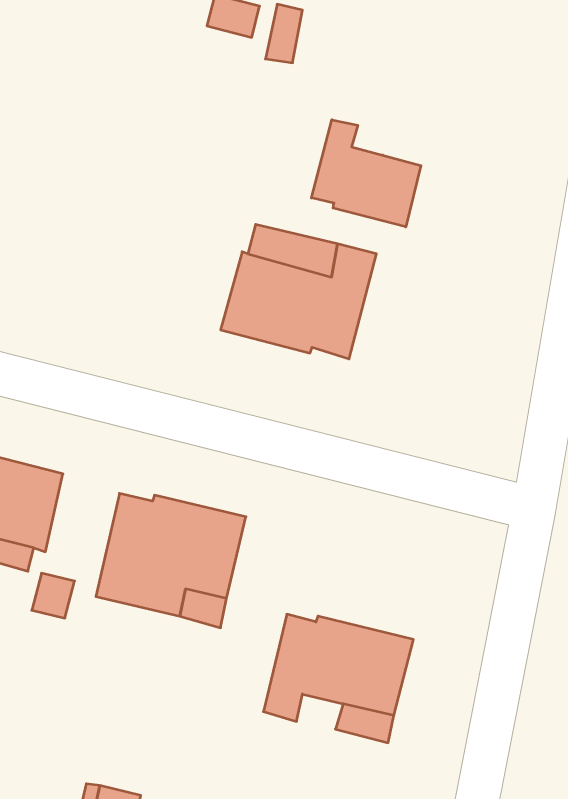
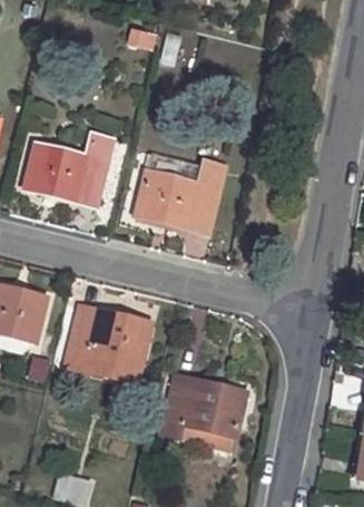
building: [311,120,421,227] -> none
building: none -> [24,137,111,202]

